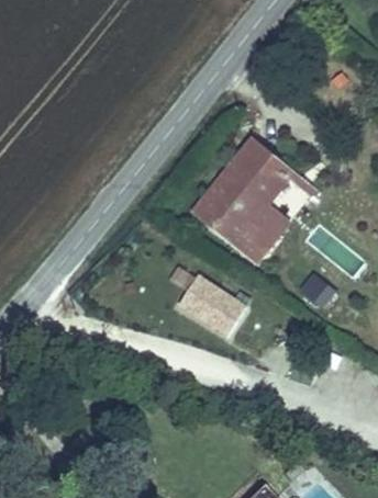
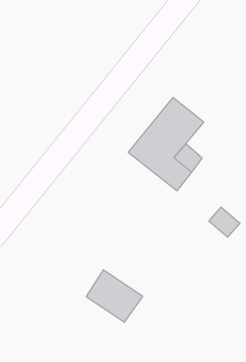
building: [177,276,249,343] -> [86,270,143,322]

